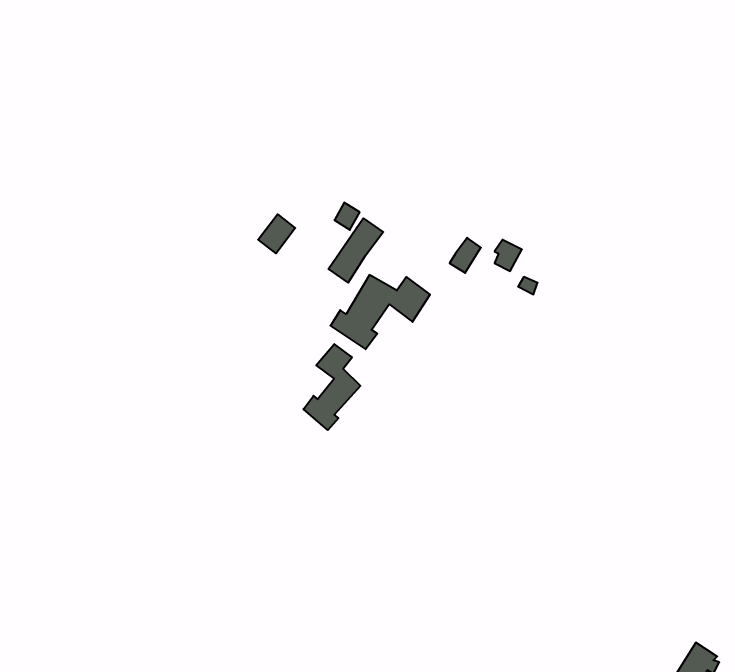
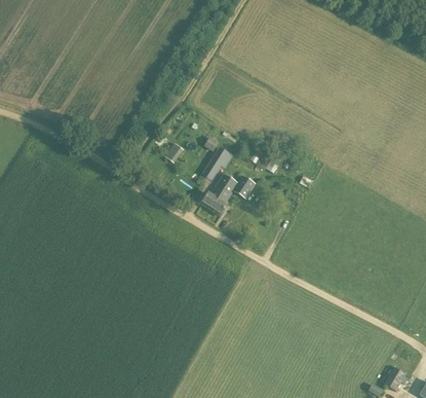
building: [303,344,360,430] -> none

